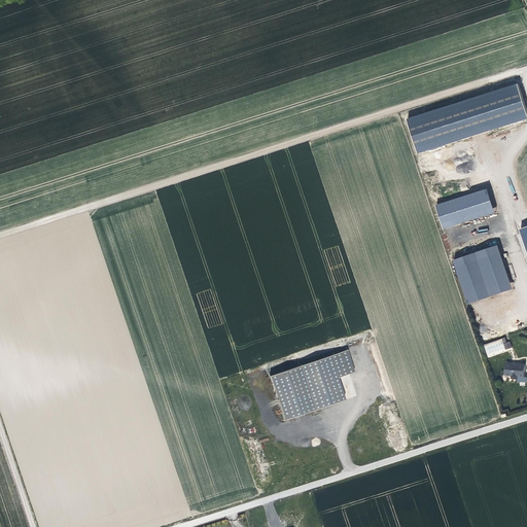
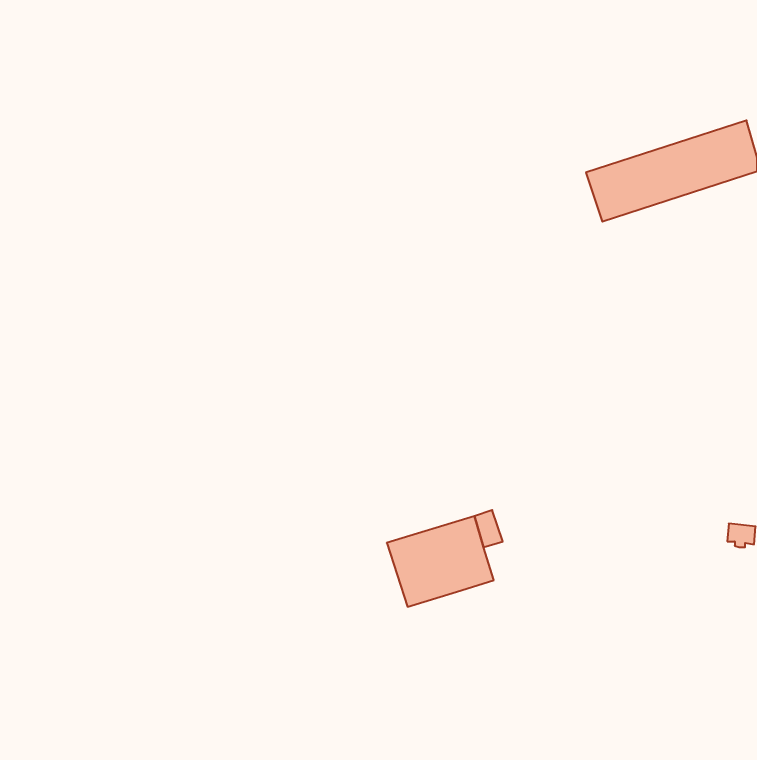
building: [434,188,494,229] -> none
building: [452,245,512,304] -> none

